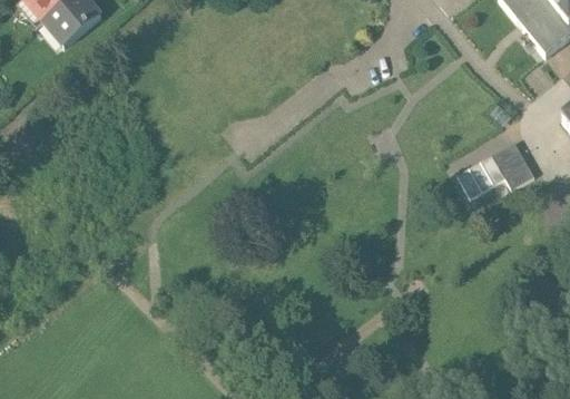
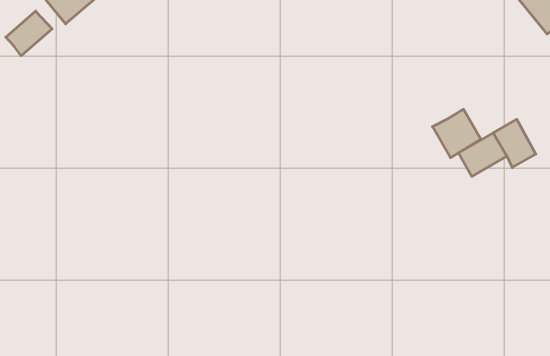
building: none -> [6,11,52,56]
building: none -> [432,109,481,158]

